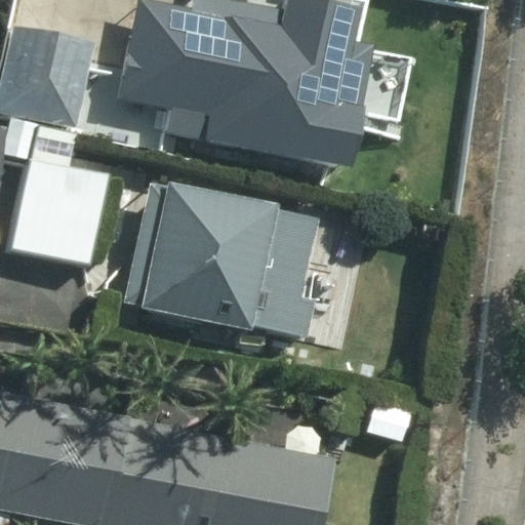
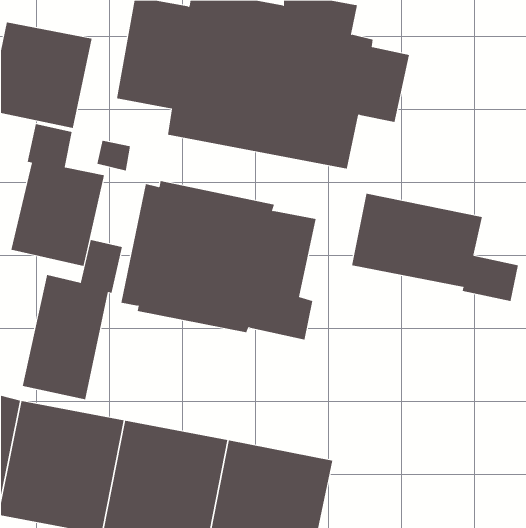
building: none -> [351,193,518,302]
building: none -> [22,239,122,400]

